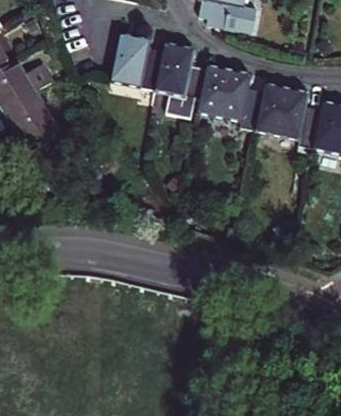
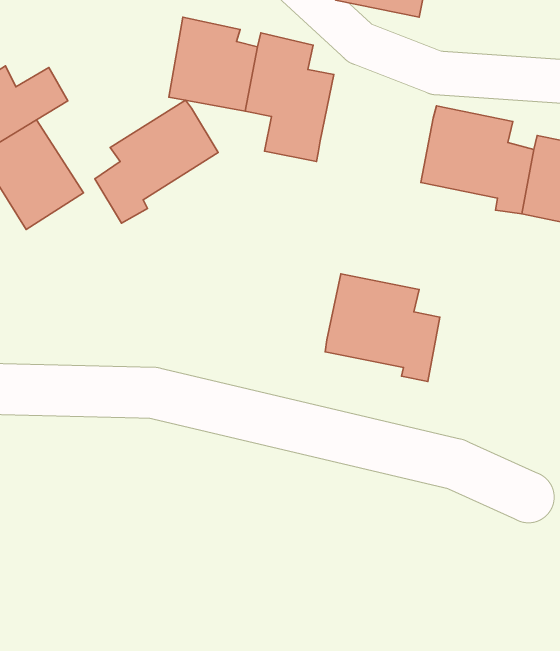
building: [198,66,264,128] -> [325,274,440,382]
building: none -> [95,100,218,223]

